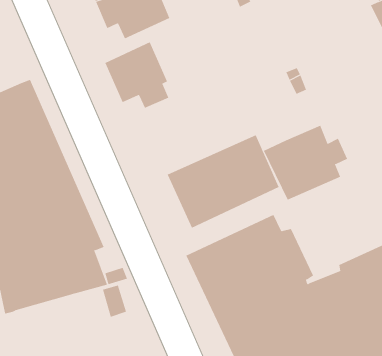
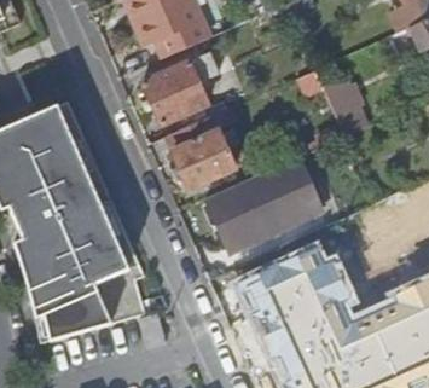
building: none -> [167,118,236,189]
building: [263,125,348,200] -> none

